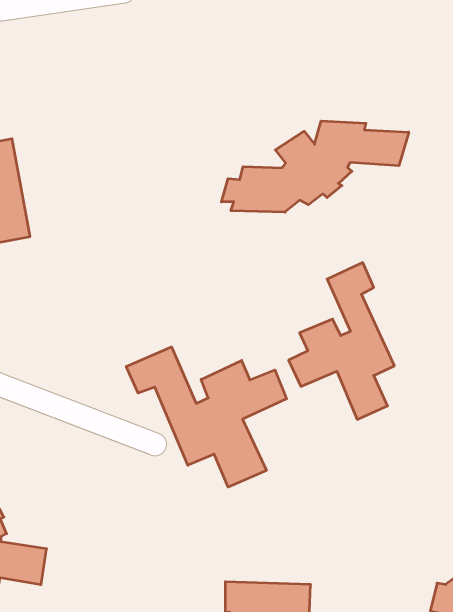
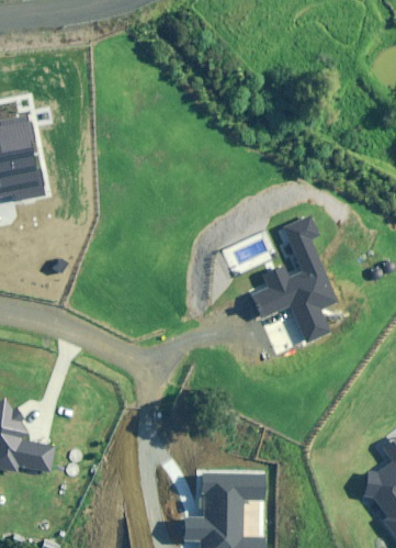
building: [221,121,409,212] -> none
building: [126,347,287,487] -> none

